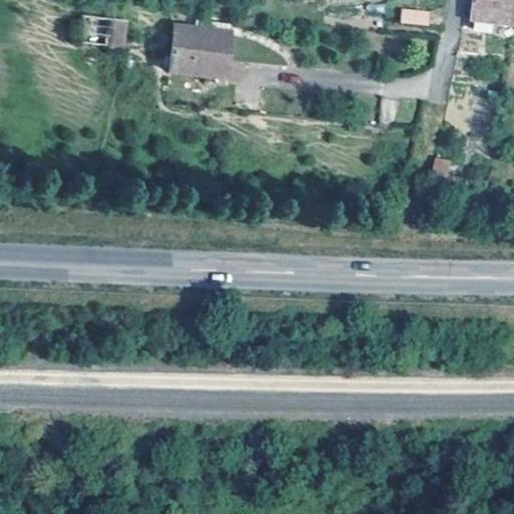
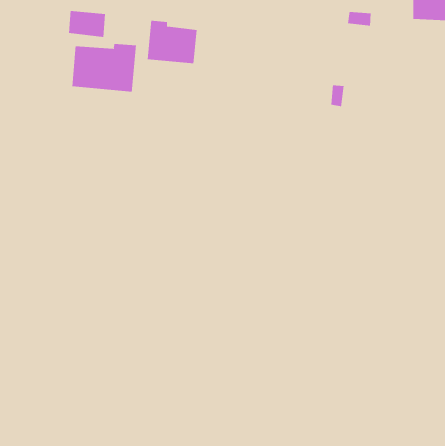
building: none -> [72,43,137,93]

